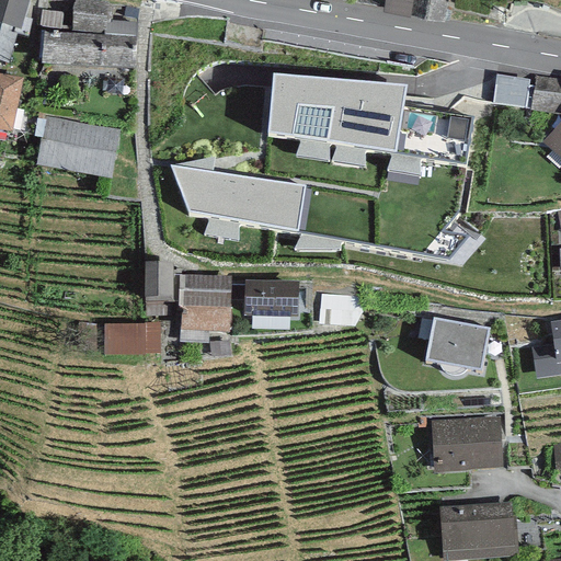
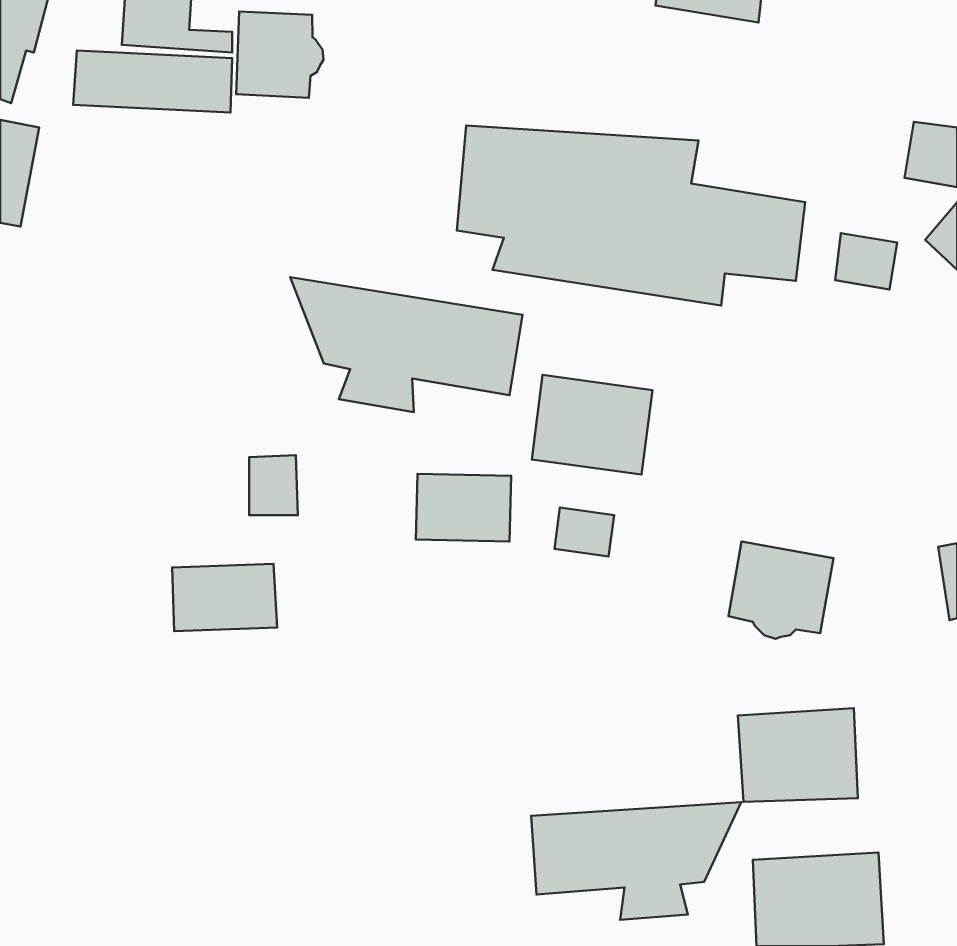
building: none -> [236,11,324,98]
building: [493,71,529,104] -> [835,233,897,289]
building: [37,112,122,176] -> none
building: none -> [532,375,653,475]
building: [178,272,229,328] -> none
building: none -> [531,802,741,920]

